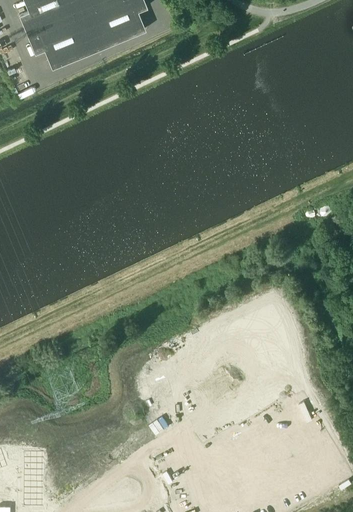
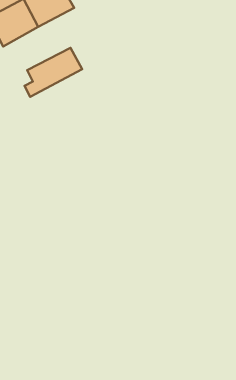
building: none -> [24,48,82,97]

